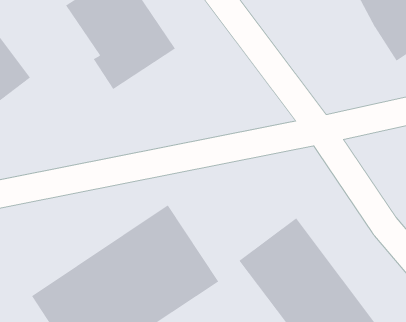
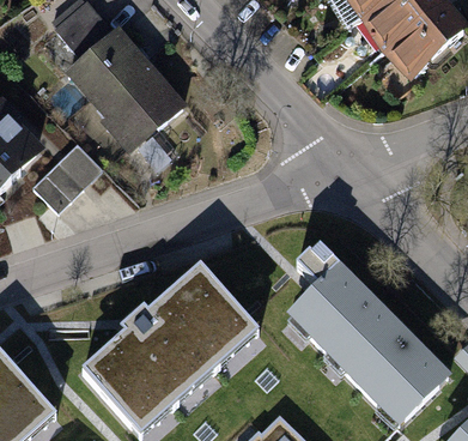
building: none -> [35,139,107,210]

